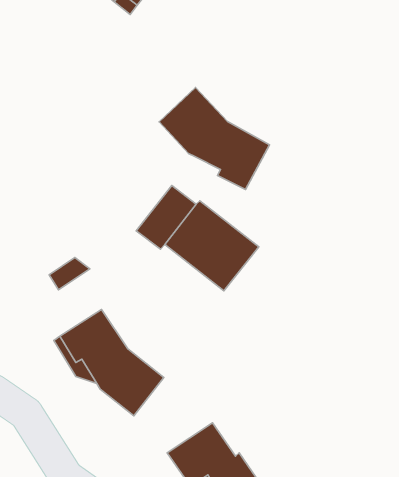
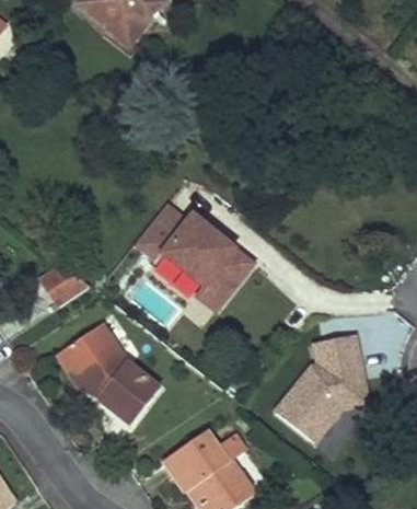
building: [159,88,269,190] -> none
building: none -> [278,338,371,444]

